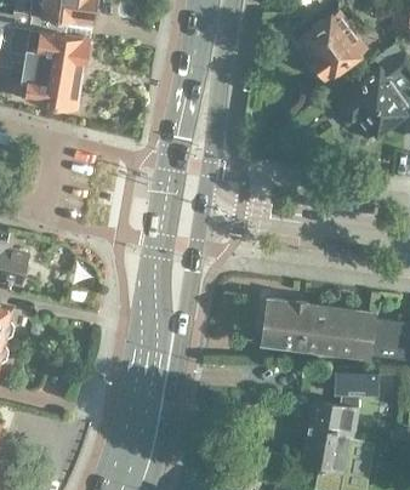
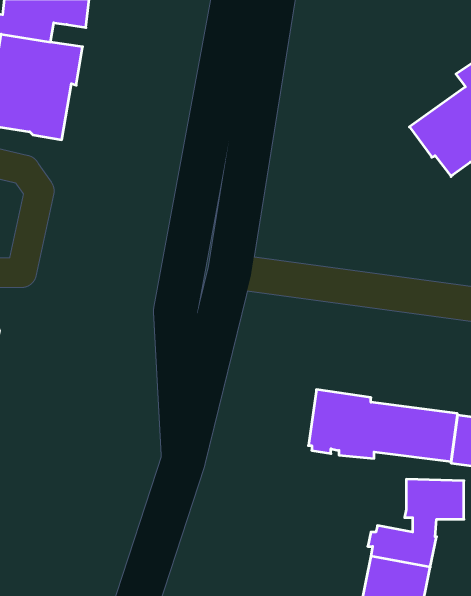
building: [300,12,372,82] -> none

